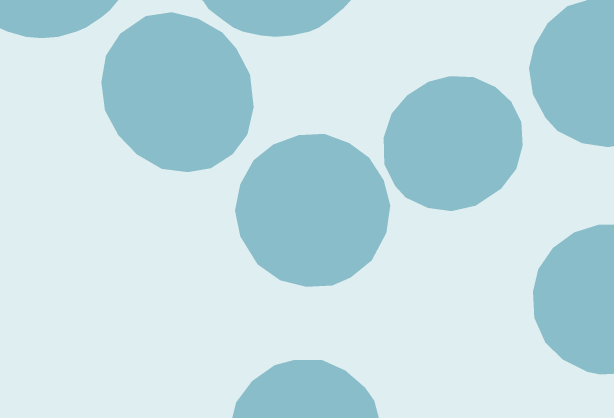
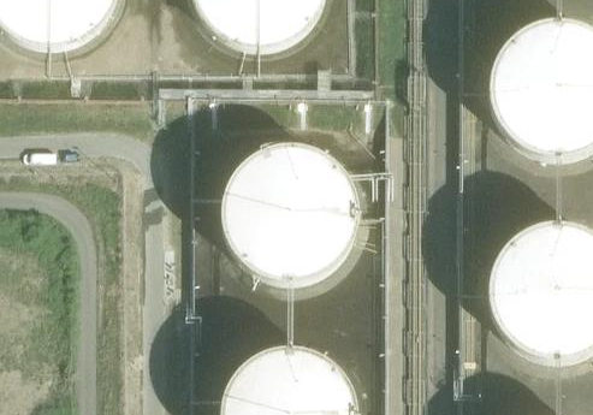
building: [100,12,254,173] -> none
building: [383,76,523,212] -> none

